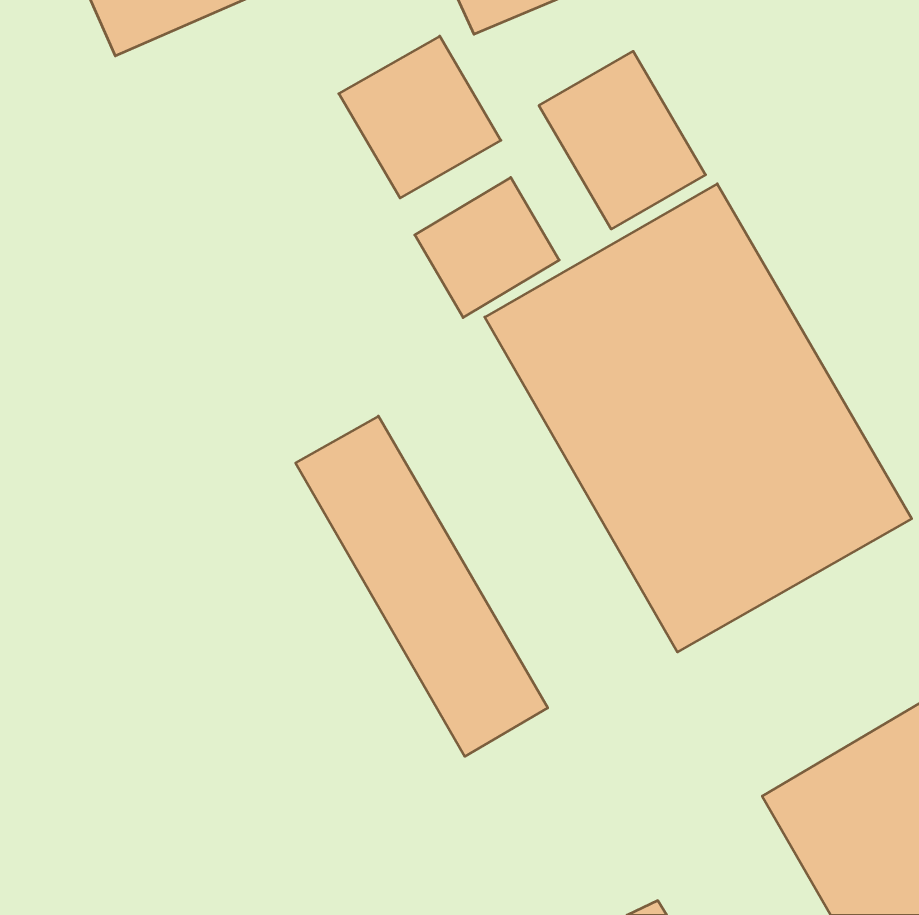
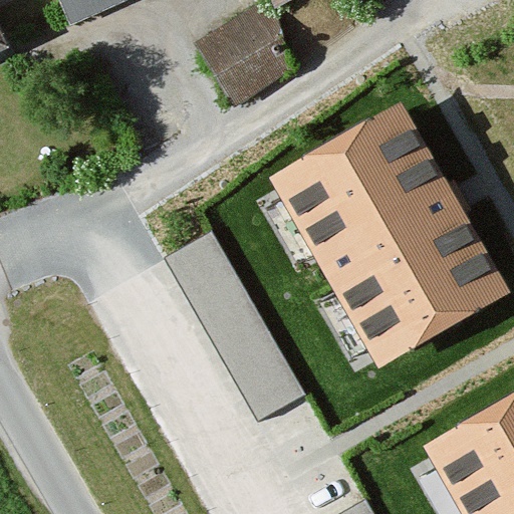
building: [539,51,706,229] -> none
building: [415,177,559,318] -> none

